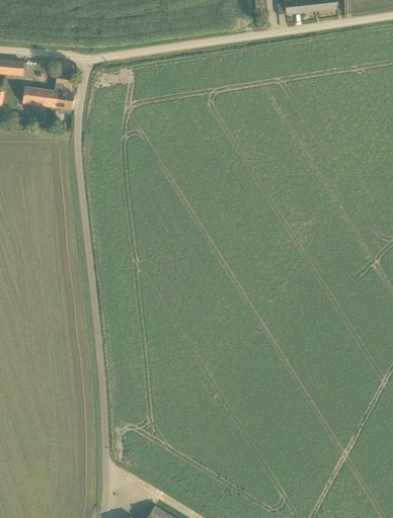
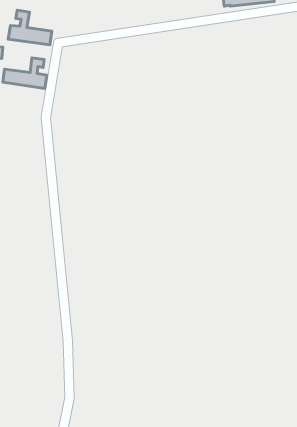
building: none -> [8,10,52,45]

